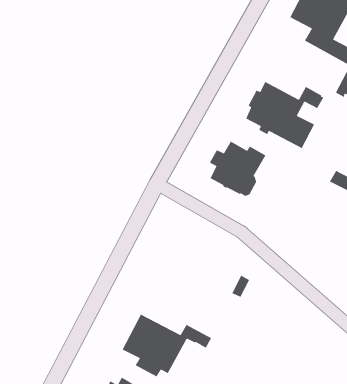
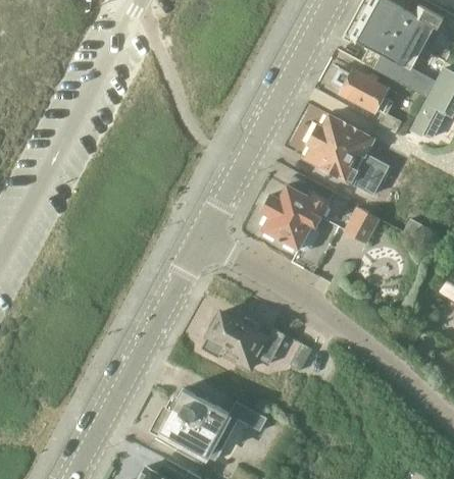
building: none -> [333,68,403,132]
building: none -> [346,209,381,245]
building: none -> [201,313,285,369]

